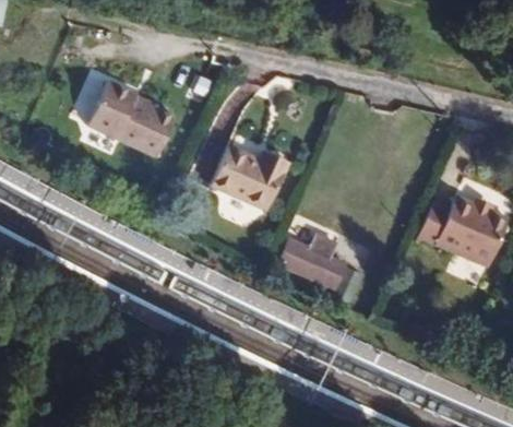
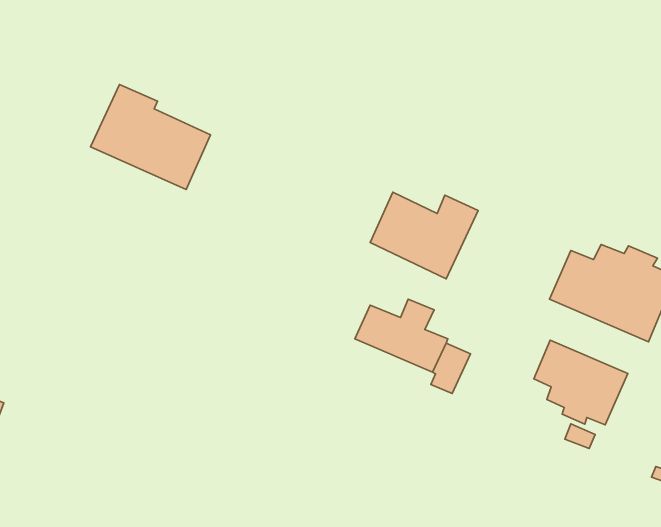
building: [211,146,288,209] -> [370,192,478,279]
building: none -> [534,340,628,425]

